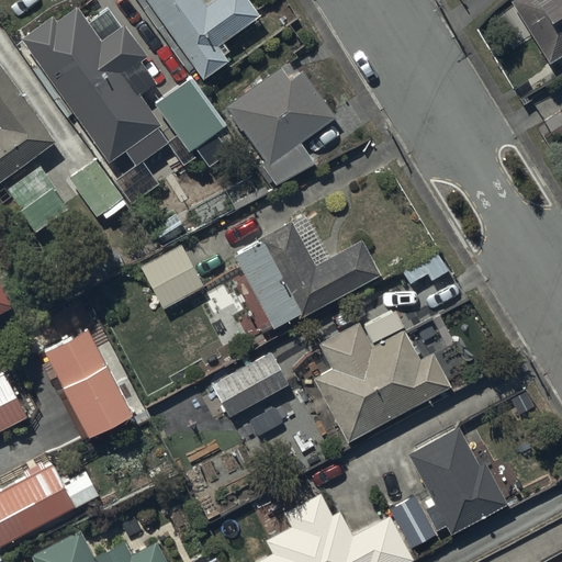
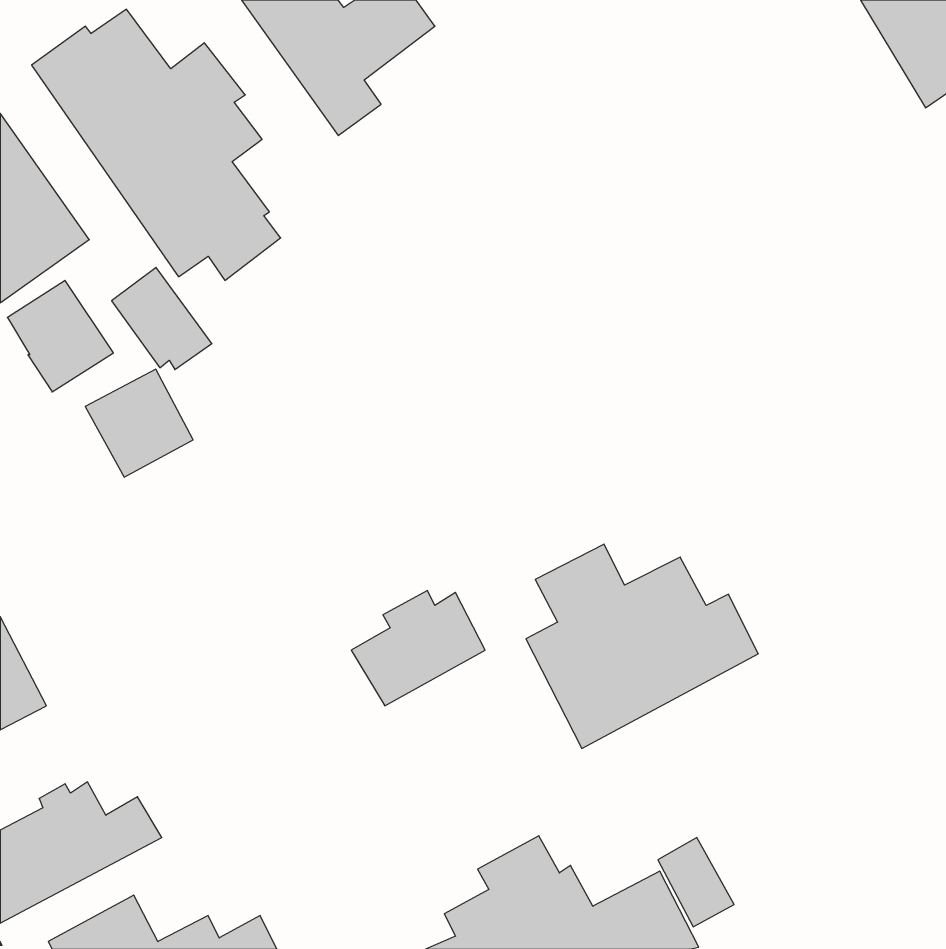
building: [224,68,336,186] -> none
building: [154,78,231,161] -> none
building: [233,220,381,329] -> none
building: [139,245,203,308] -> [85,369,193,477]
building: [43,329,130,438] -> none
building: [407,427,506,533] -> none

